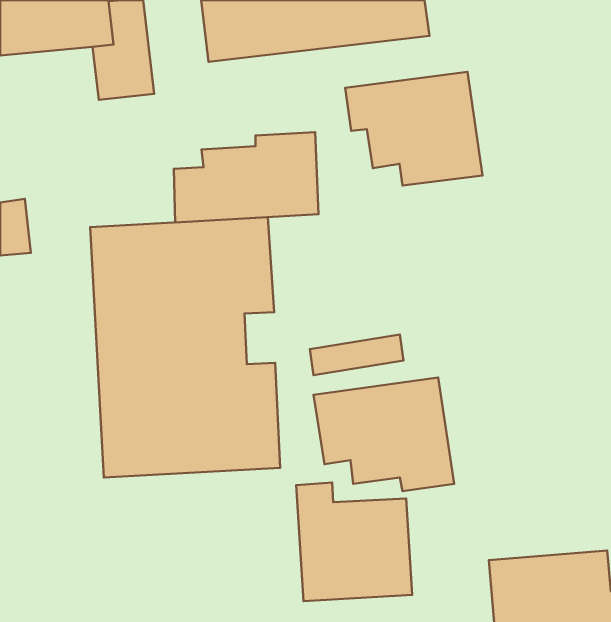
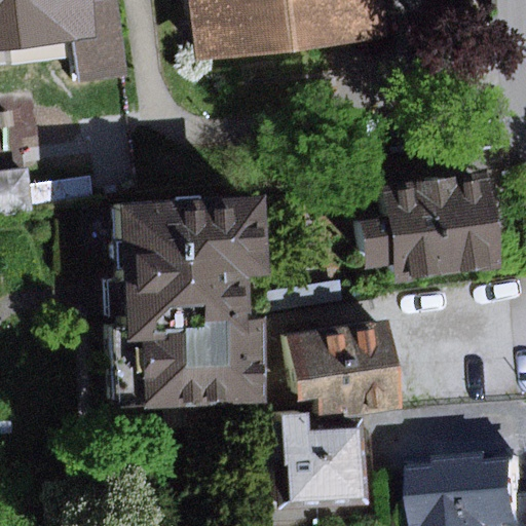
building: [345,72,482,185] -> none
building: [174,132,319,222] -> none
building: none -> [344,175,486,278]

